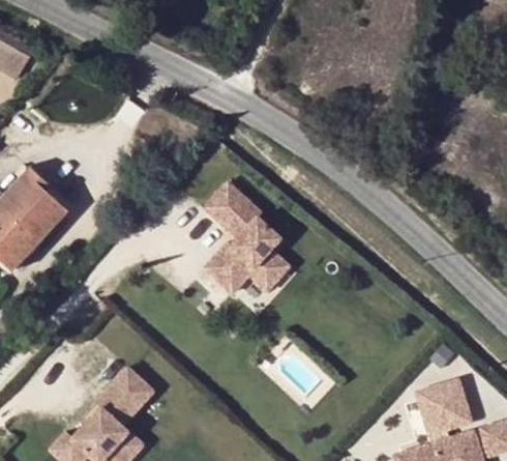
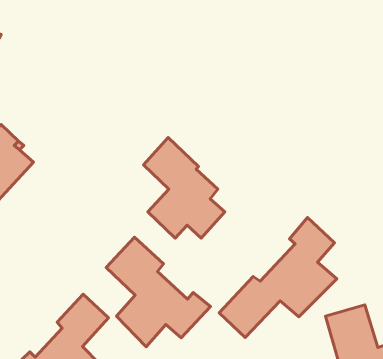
building: none -> [219,217,337,337]
building: none -> [106,237,211,347]

